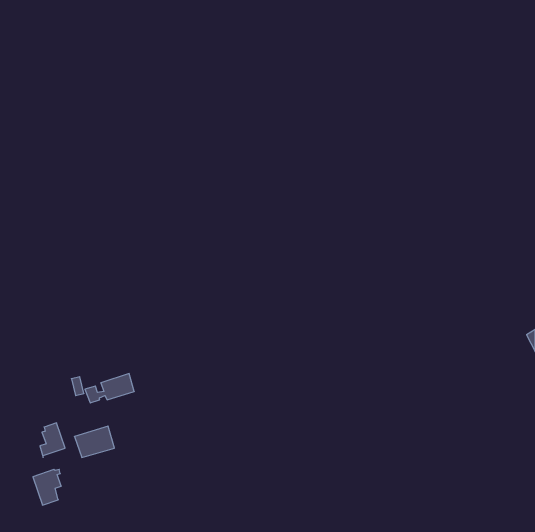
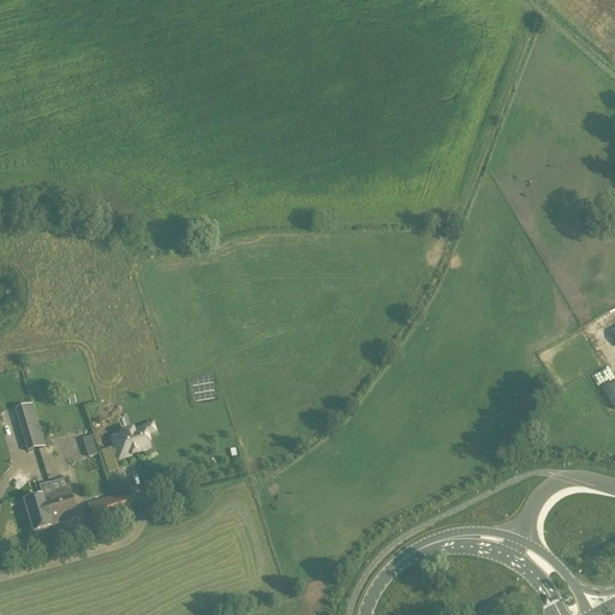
building: none -> [13,400,43,448]
building: [33,469,61,505] -> [20,489,53,530]

